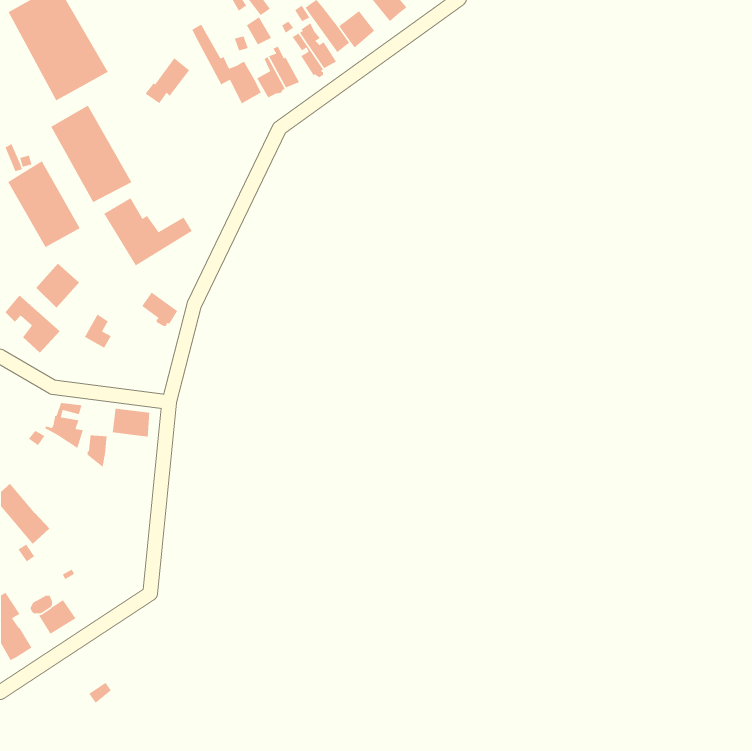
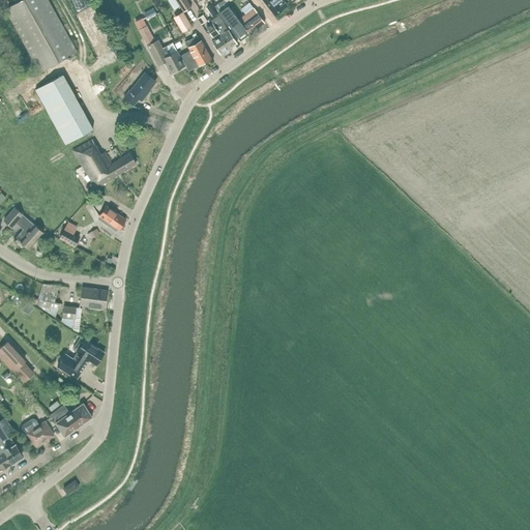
building: [145,57,190,104] -> [123,71,155,105]
building: [7,160,81,248] -> none
building: [36,263,80,308] -> none
building: none -> [57,340,104,379]
building: none -> [51,403,92,436]

